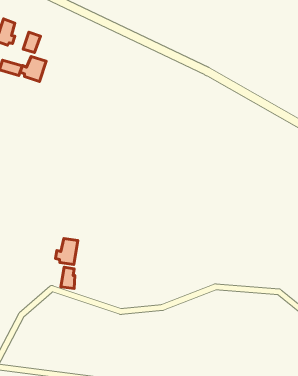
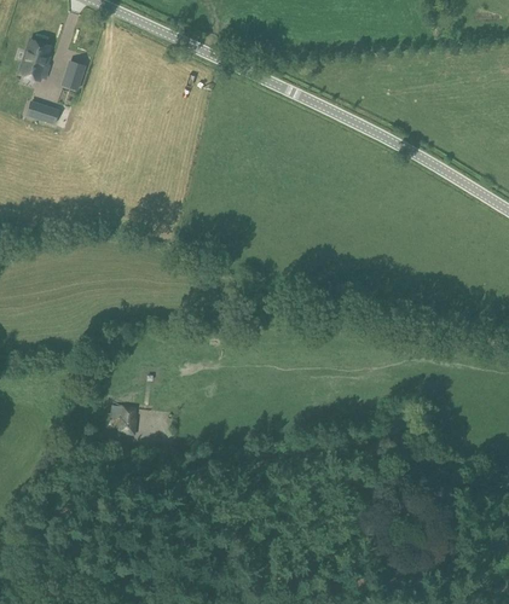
building: [20,56,46,81] -> none
building: [55,238,78,265] -> none

